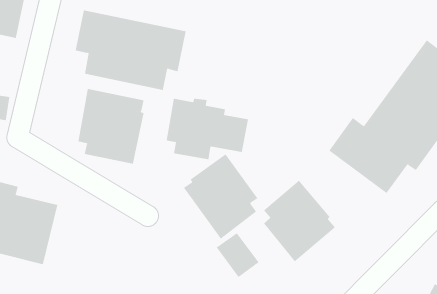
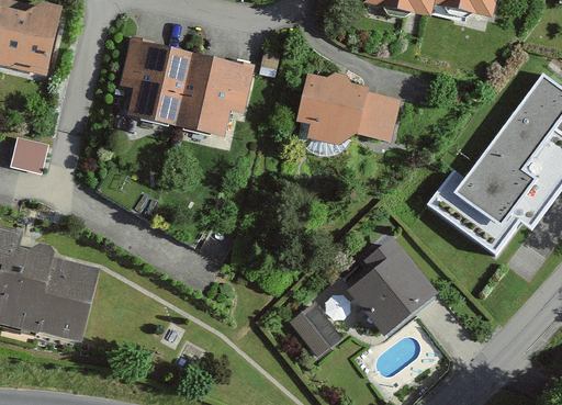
building: [78,88,144,164] -> none
building: [166,98,249,160] -> [303,75,402,148]
building: [183,153,258,239] -> none

